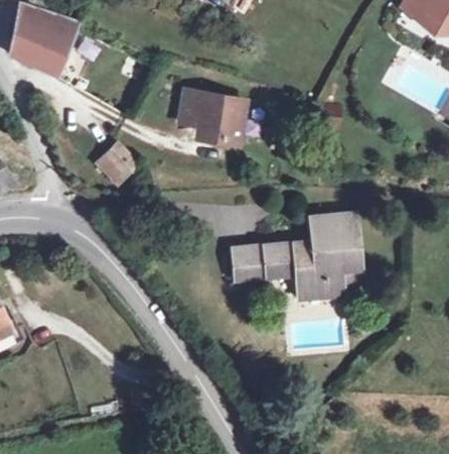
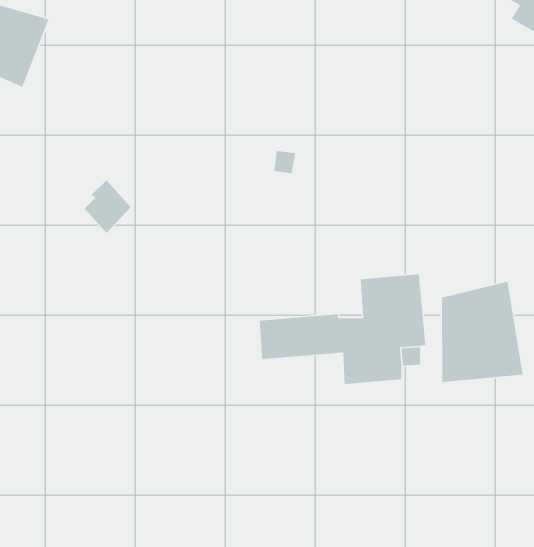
building: [177,89,243,143] -> none
building: none -> [441,281,523,383]

